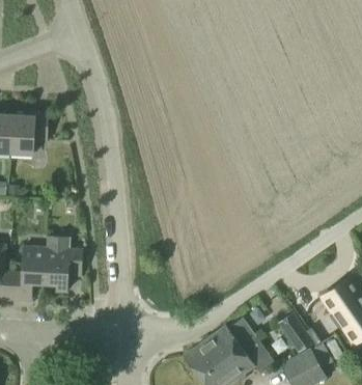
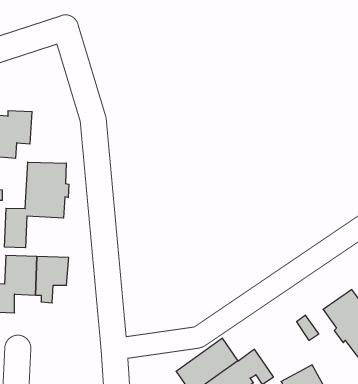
building: none -> [5,162,69,248]
building: [278,313,312,352] -> none

